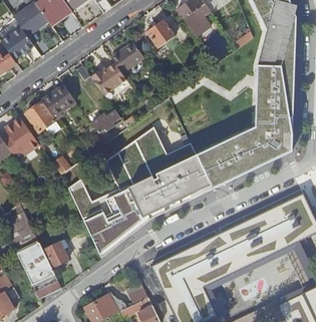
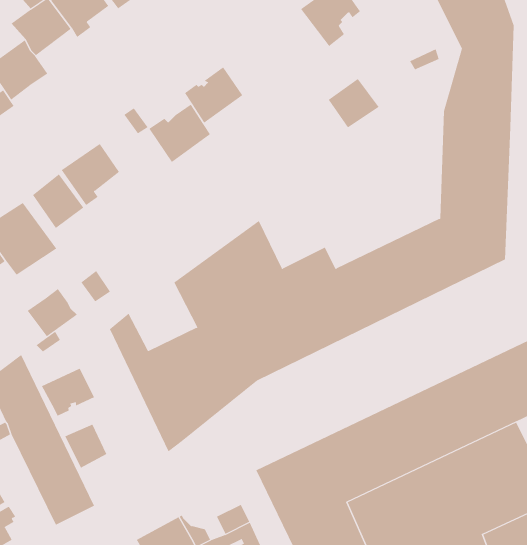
building: [146,18,176,46] -> [328,78,380,128]
building: [91,108,120,141] -> none
building: none -> [27,288,78,337]
building: none -> [41,368,95,417]

